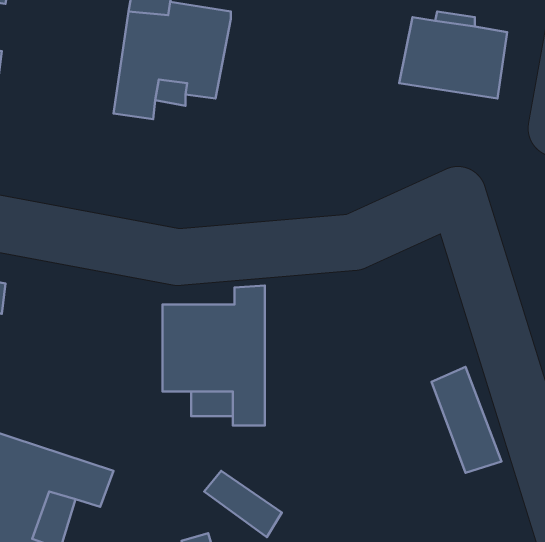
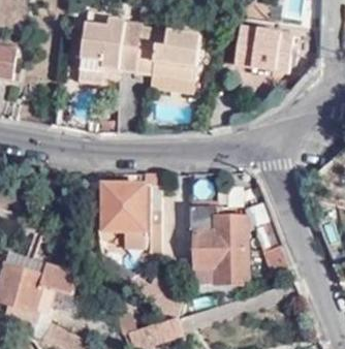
building: none -> [133,28,199,94]
building: none -> [187,207,246,284]

